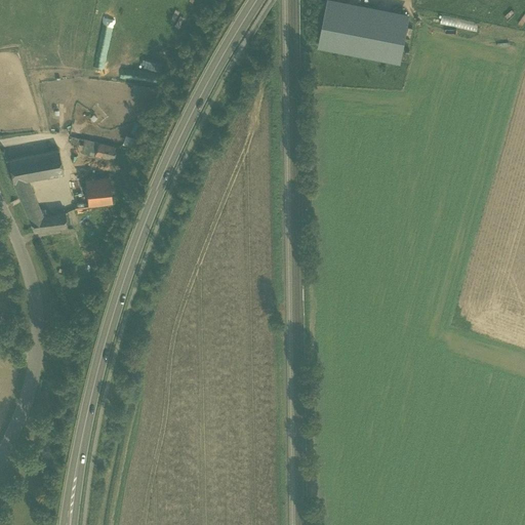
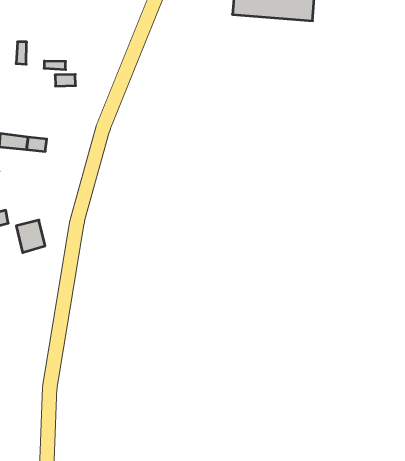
building: [85,178,112,209] -> [16,220,45,253]

